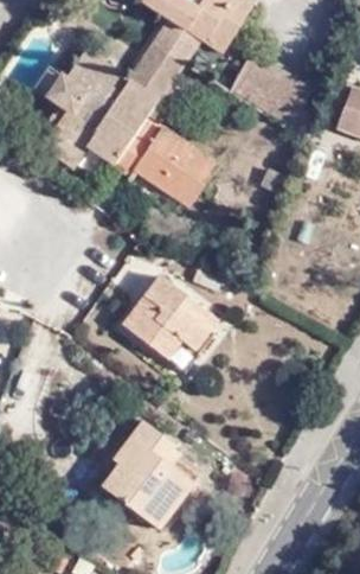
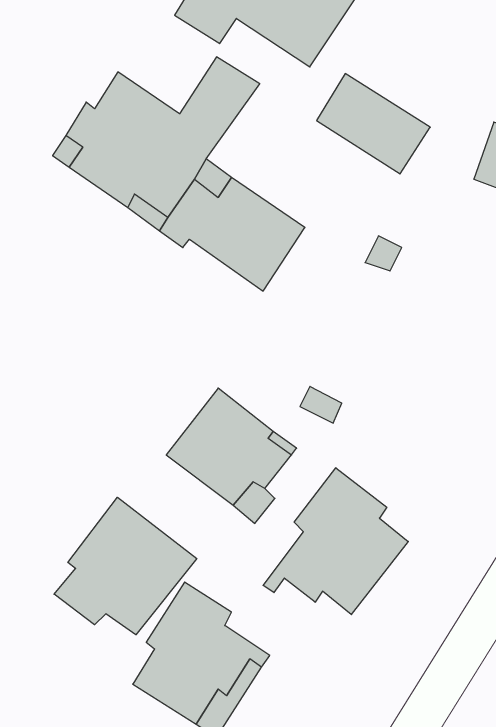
building: none -> [263,468,408,615]
building: none -> [54,497,197,635]

